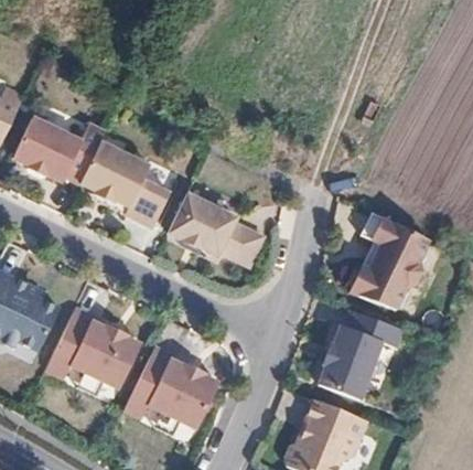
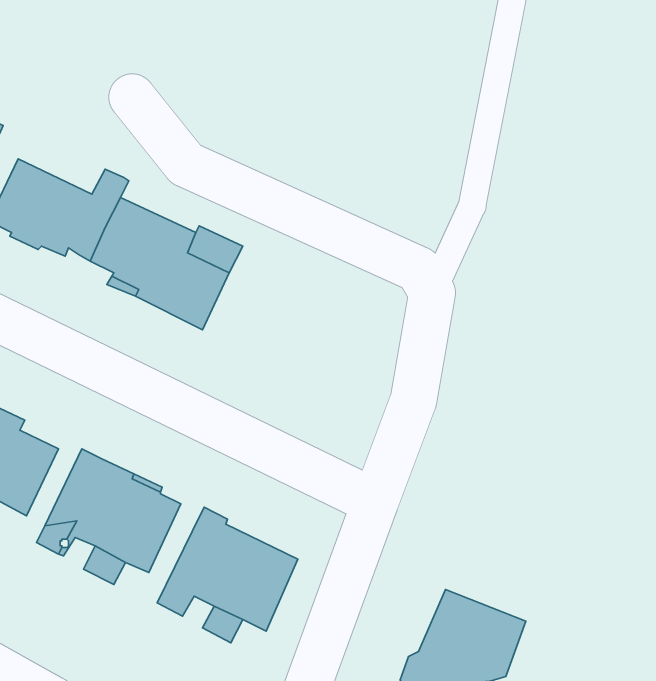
building: [166,193,262,265] -> none
building: [347,212,429,310] -> none
building: [315,311,401,402] -> none

